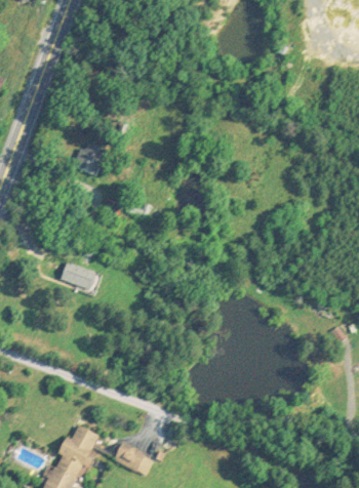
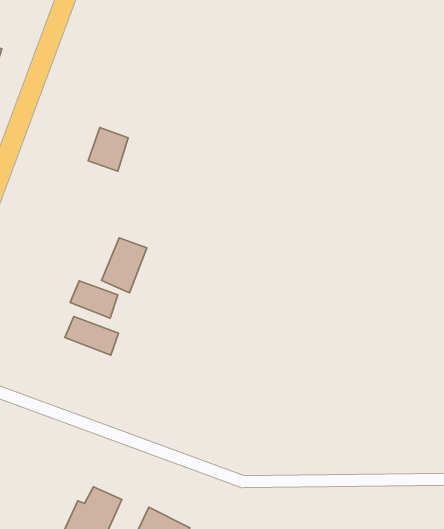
building: none -> [102,238,147,293]
building: none -> [65,317,119,355]

